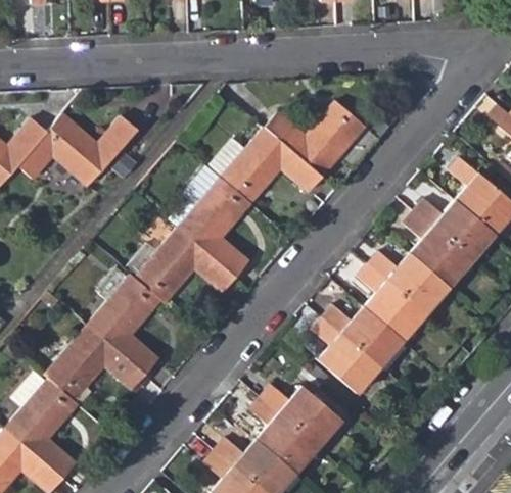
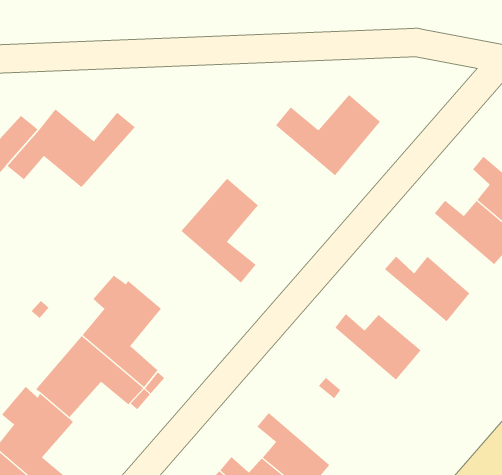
building: [211,128,322,204] -> none
building: [403,211,470,286] -> none
building: [125,228,235,304] -> none
building: [357,263,426,339] -> none
building: [312,317,379,392] -> none
building: [261,385,340,445] -> none

